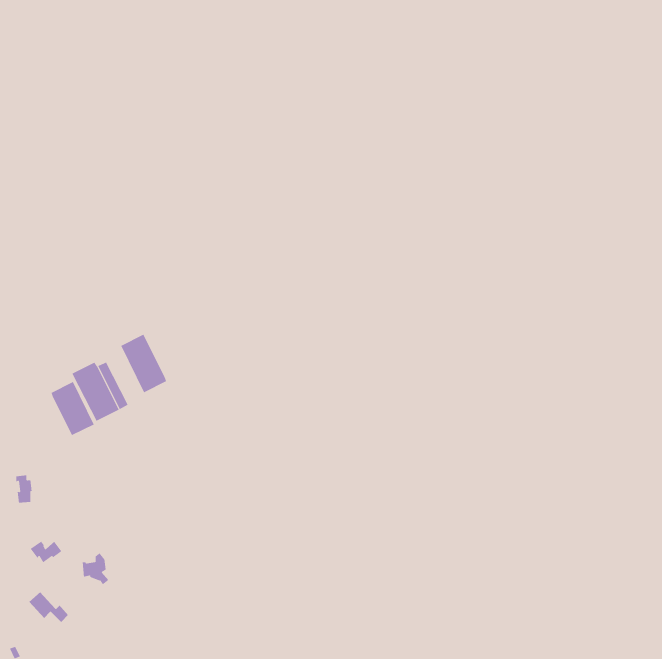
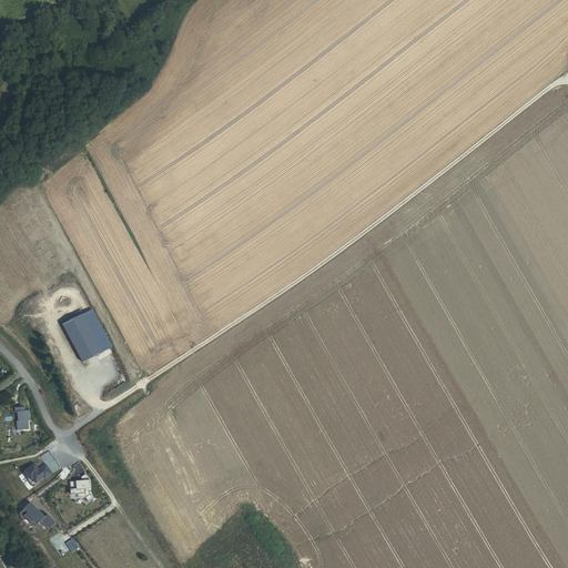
building: [121,334,167,393] -> none
building: [51,381,95,436] -> none

